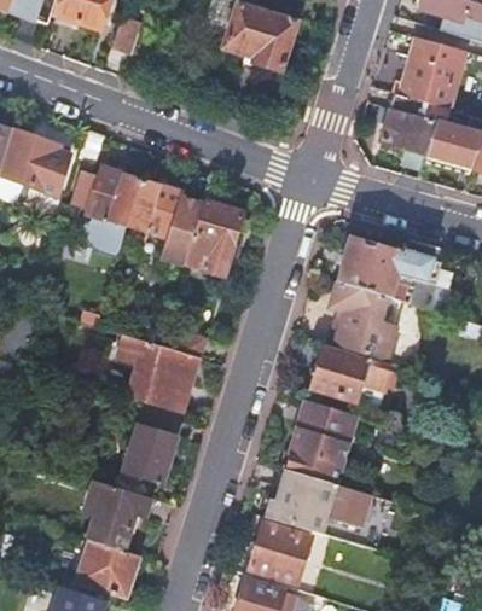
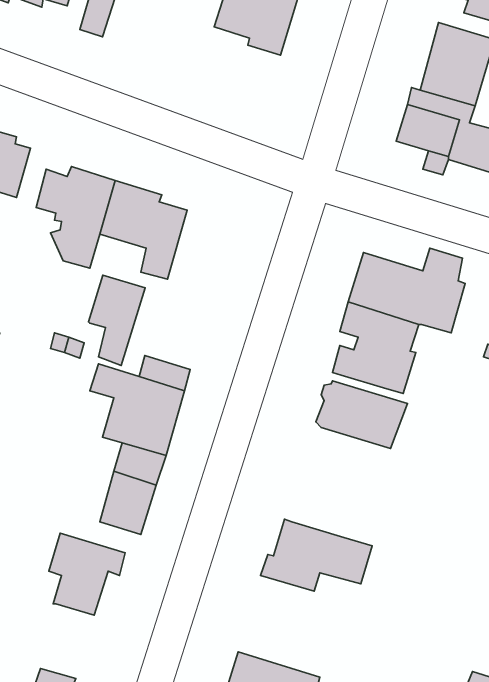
building: [196,198,244,275] -> [89,275,145,365]
building: [291,401,358,483] -> none
building: [250,523,312,582] -> none
building: [77,540,139,597] -> none

